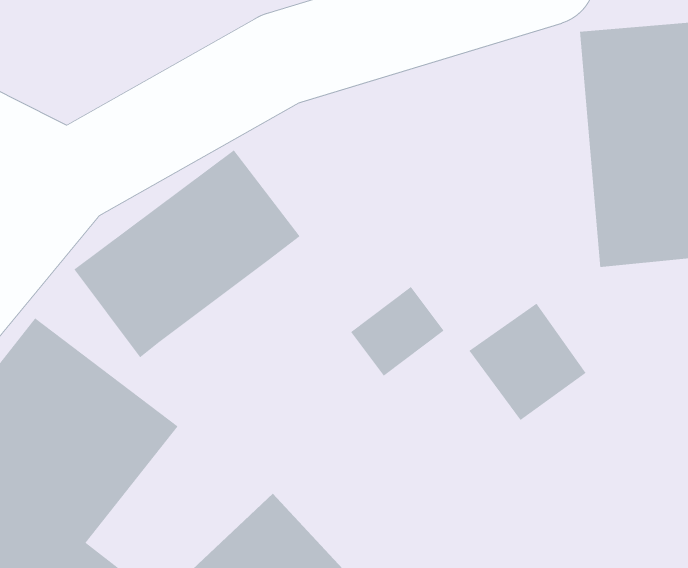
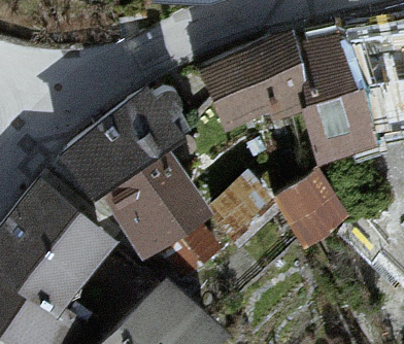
building: none -> [213,41,327,135]
building: none -> [105,149,211,261]

